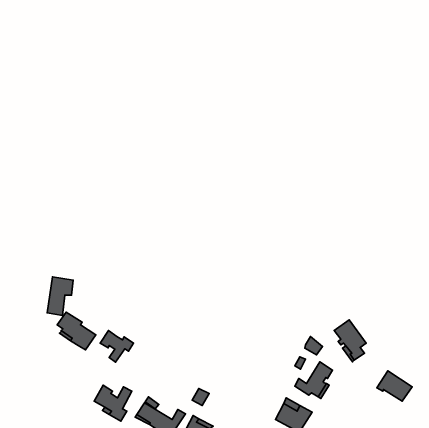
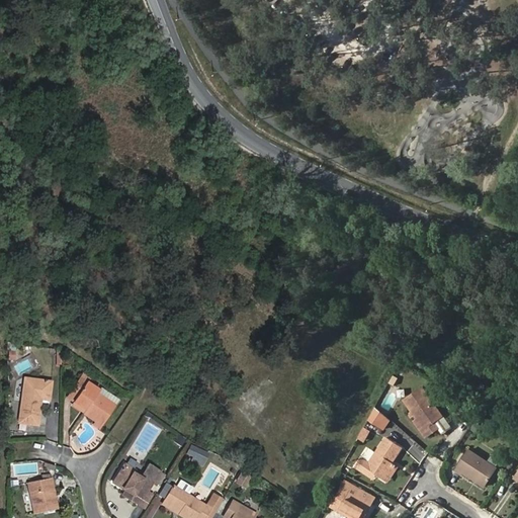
building: [47,277,73,315] -> [19,377,51,424]
building: [100,330,134,362] -> none
building: none -> [28,478,57,513]

